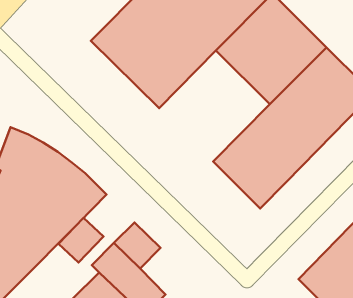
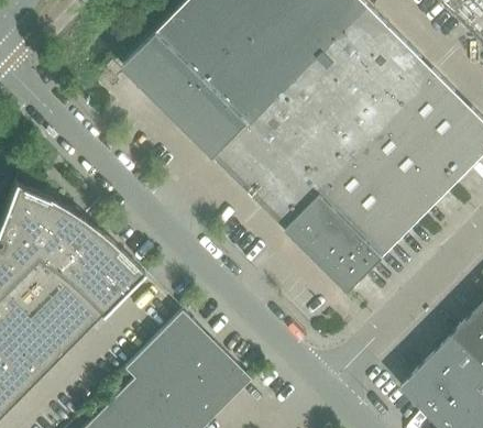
building: none -> [213,81,362,230]
building: [58,218,103,263] -> none
building: none -> [188,345,250,408]

